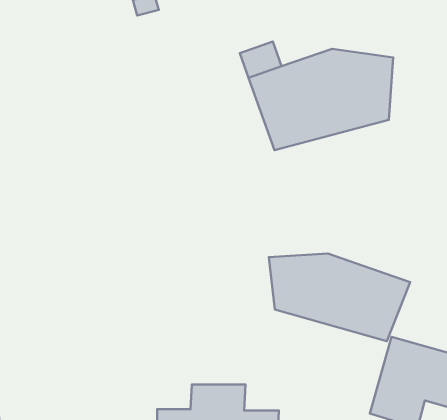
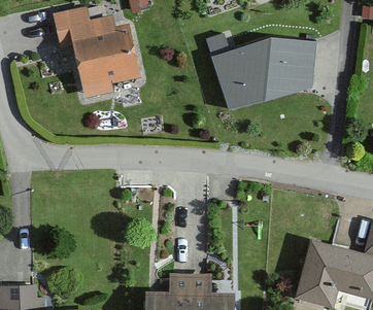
building: none -> [55,7,138,95]
building: [269,254,410,341] -> none

